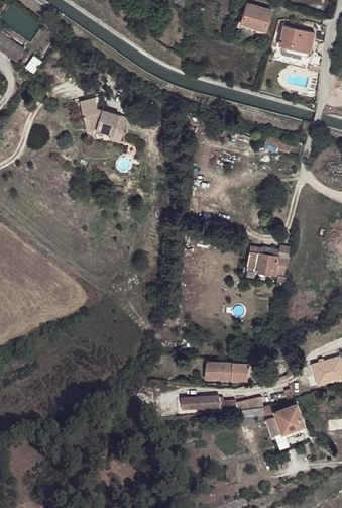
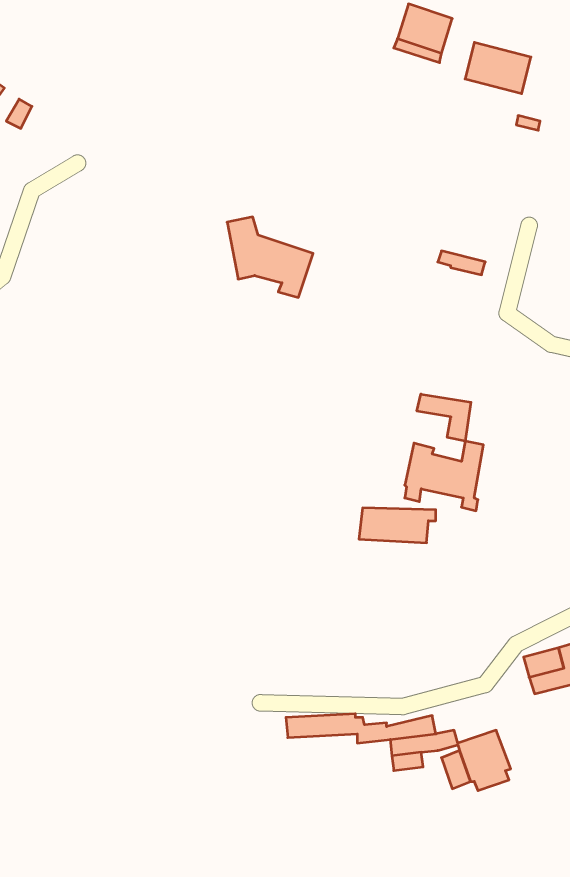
building: [80,98,127,142] -> [227,217,313,297]
building: none -> [417,394,471,441]
building: [205,363,247,382] -> [359,508,436,543]

